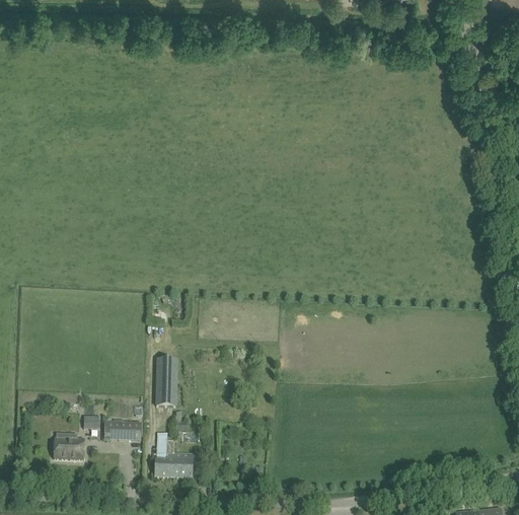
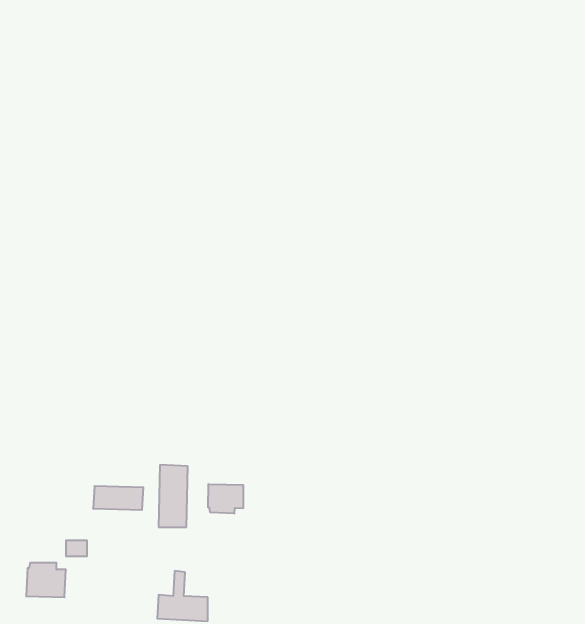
building: none -> [208,484,243,514]
building: [103,421,142,439] -> [93,486,143,510]

